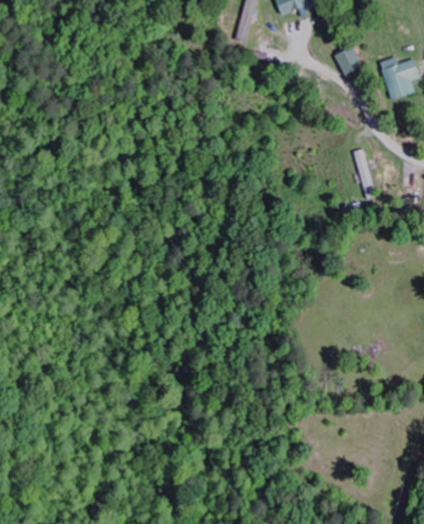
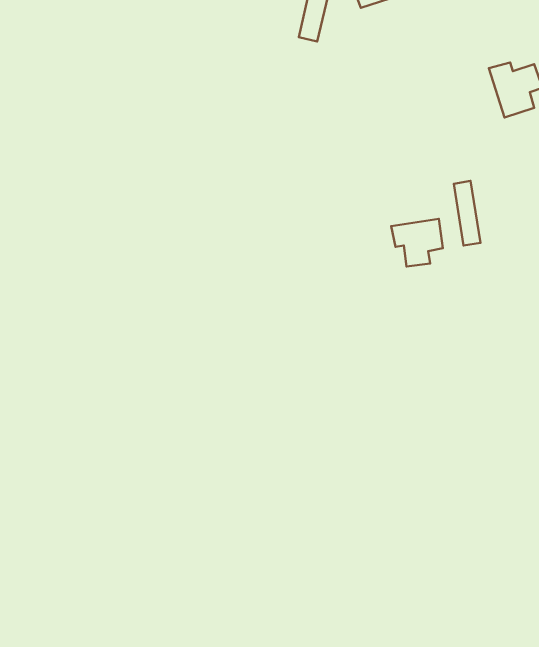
building: [337,47,364,75] -> none
building: none -> [391,219,443,267]

